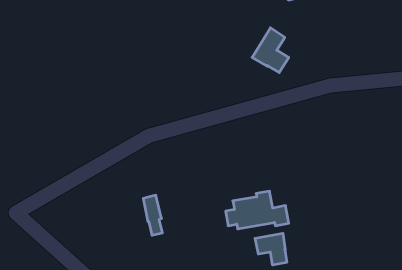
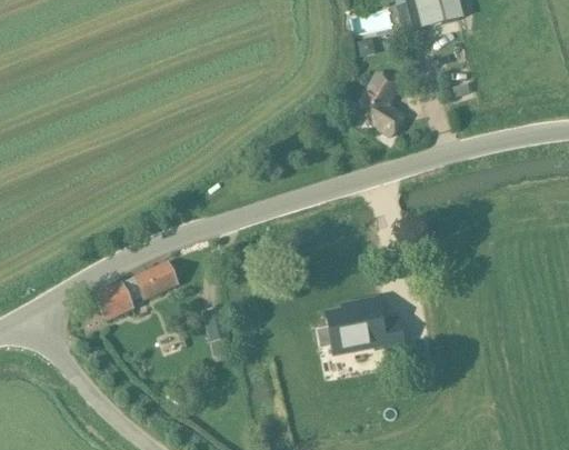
building: none -> [97,261,178,318]
building: [255,233,287,265] -> none

